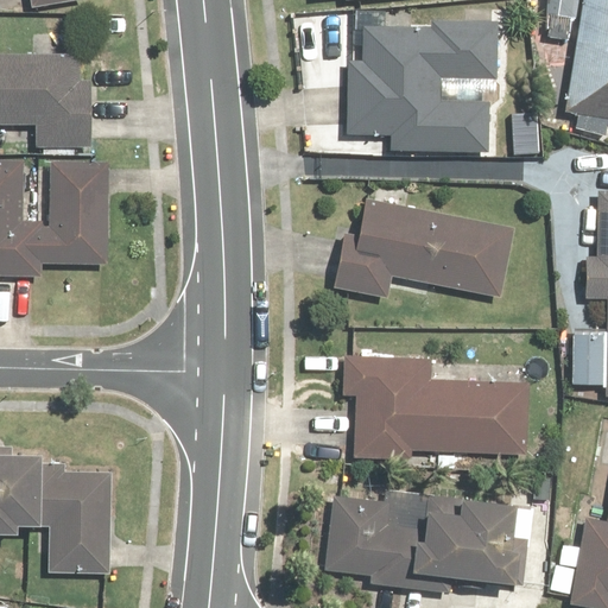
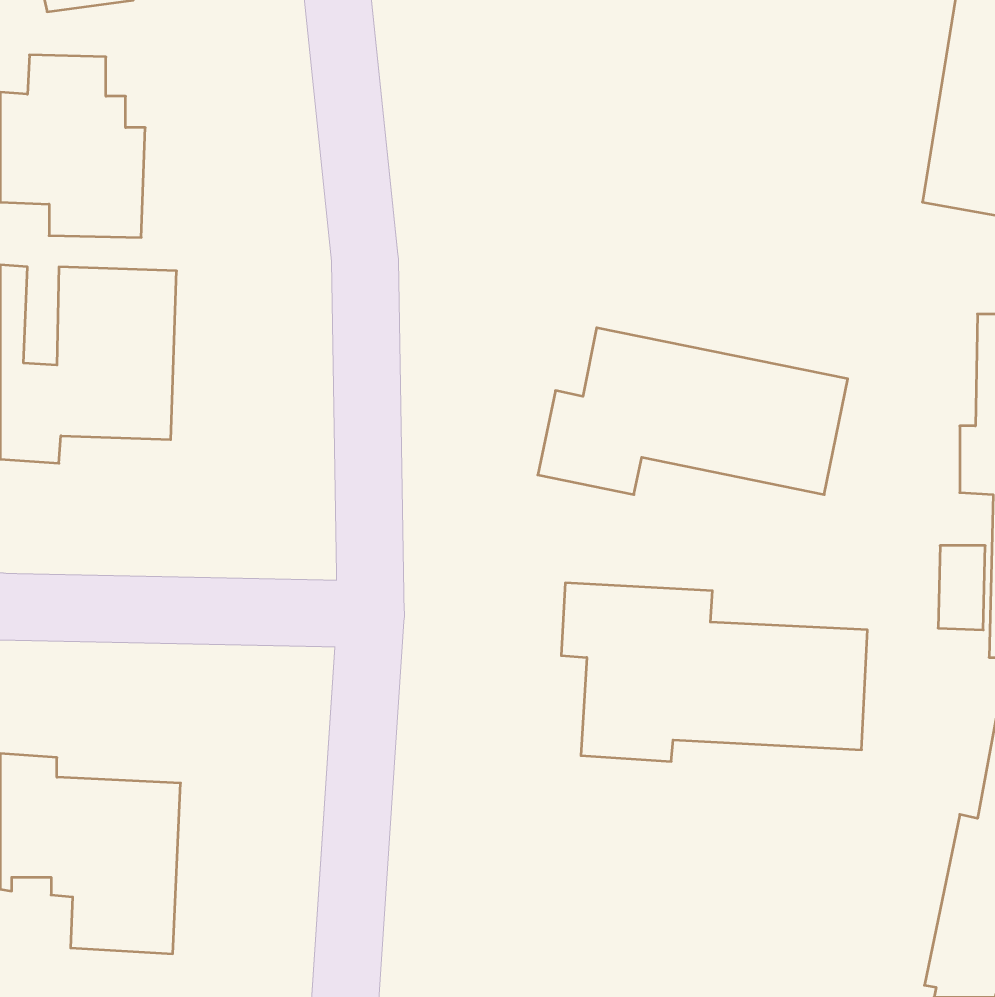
building: [347,20,498,150] -> none
building: [324,490,528,587] -> none

